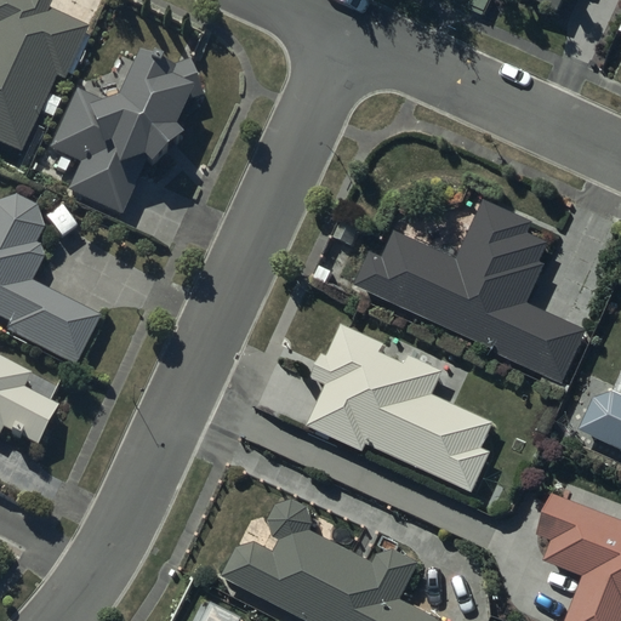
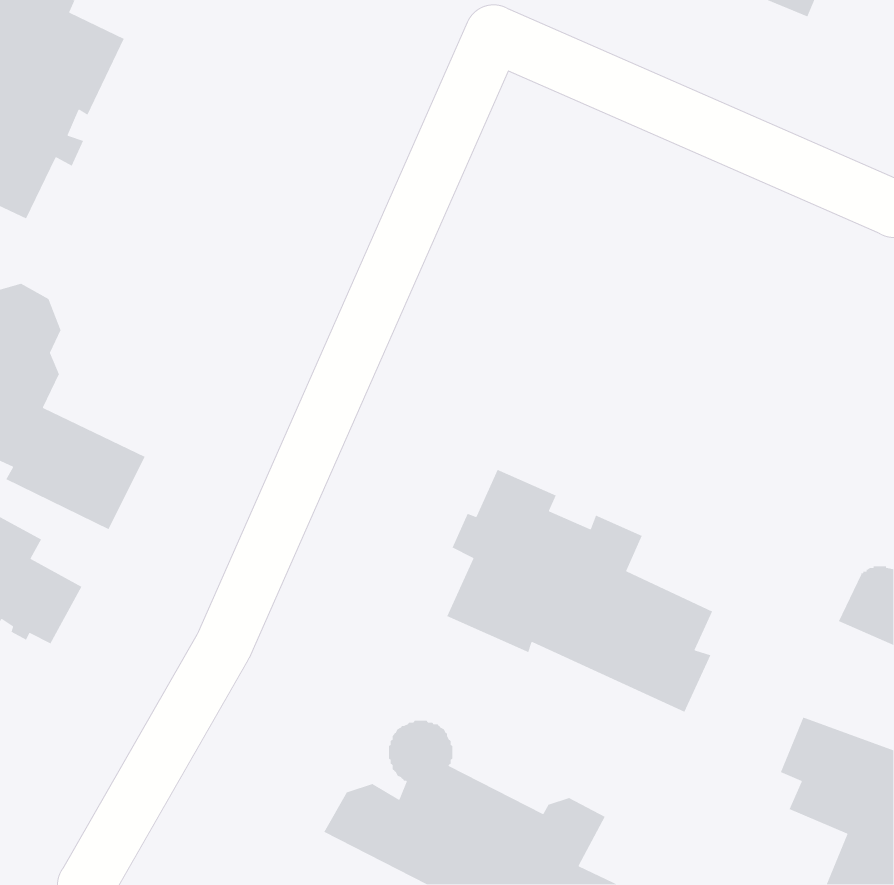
building: [47,59,201,216] -> none
building: [358,199,585,381] -> none

